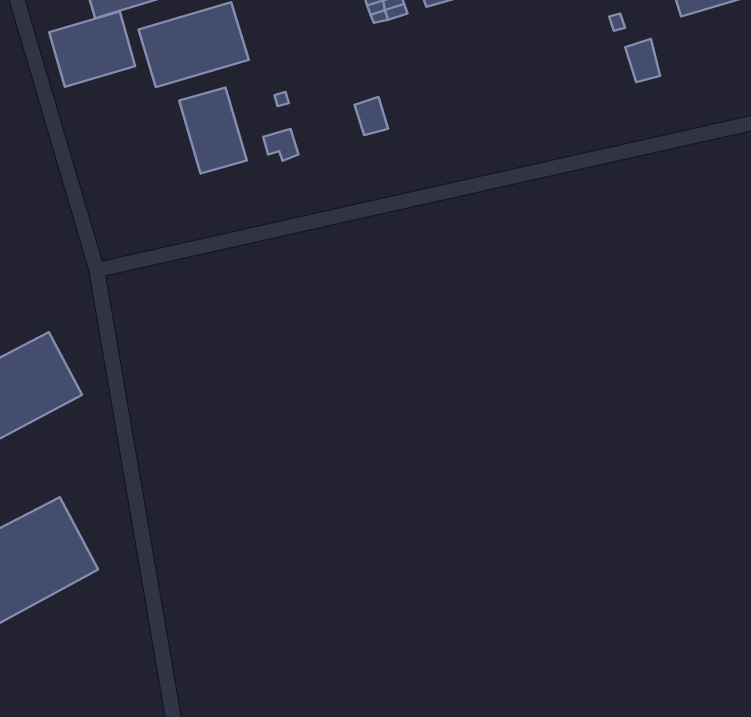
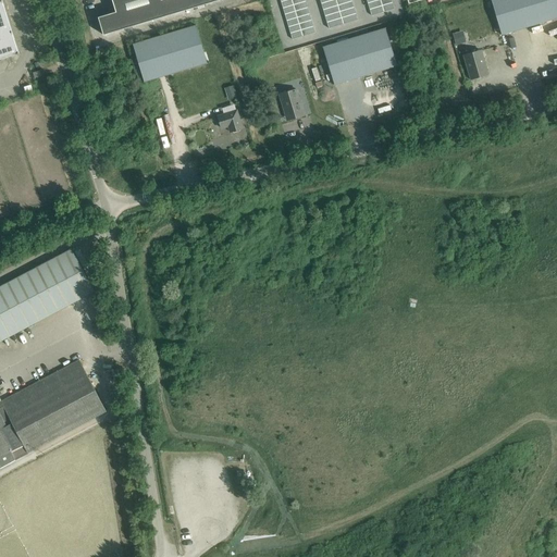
building: none -> [321,27,396,85]
building: [49,12,135,87] -> none
building: [179,88,247,173] -> none

